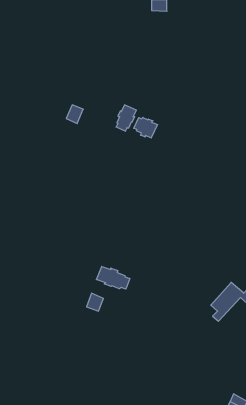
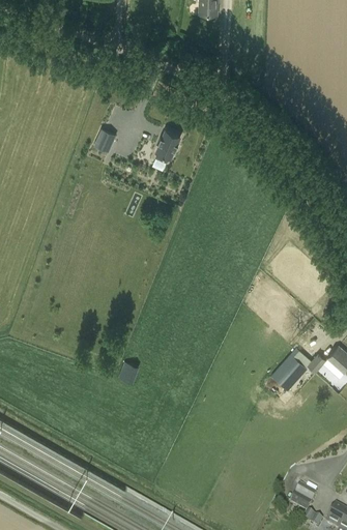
building: [134,117,158,138] -> none
building: [96,266,130,289] -> none

